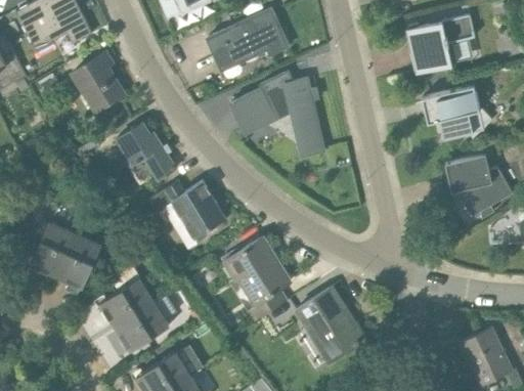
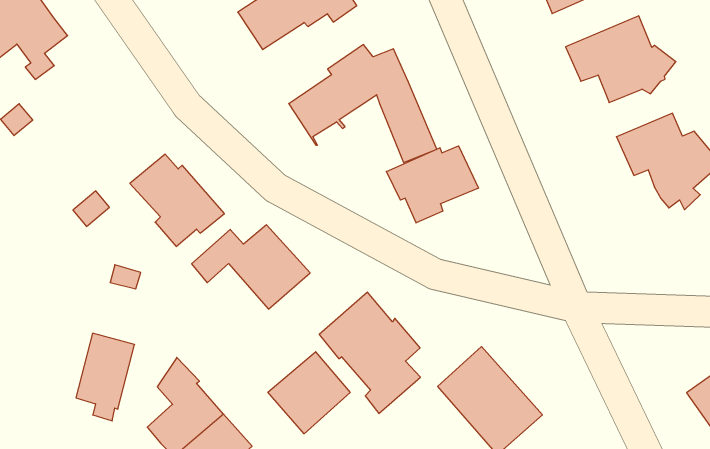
building: [73,57,123,107] -> none
building: none -> [386,146,478,223]
building: [31,223,75,275] -> none
building: none -> [268,352,350,434]

